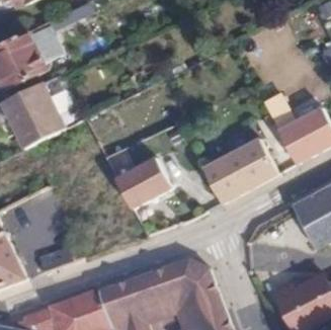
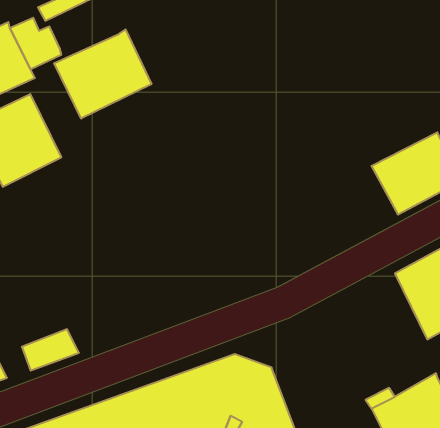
building: none -> [54,29,151,119]
building: [201,140,274,204] -> none
building: [115,155,173,209] -> none

